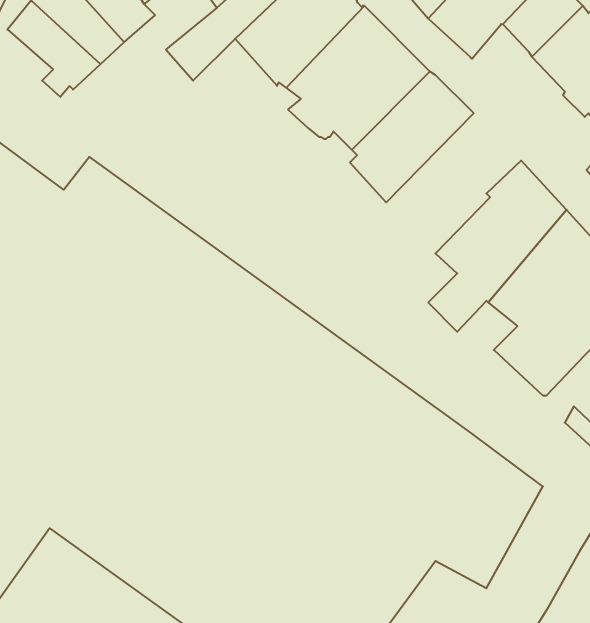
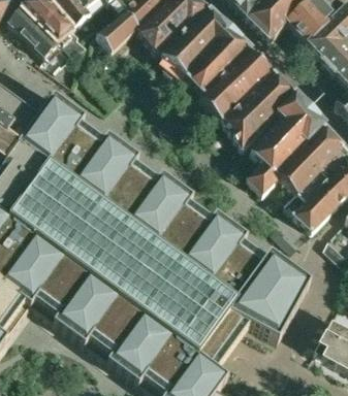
building: none -> [222,69,298,147]

